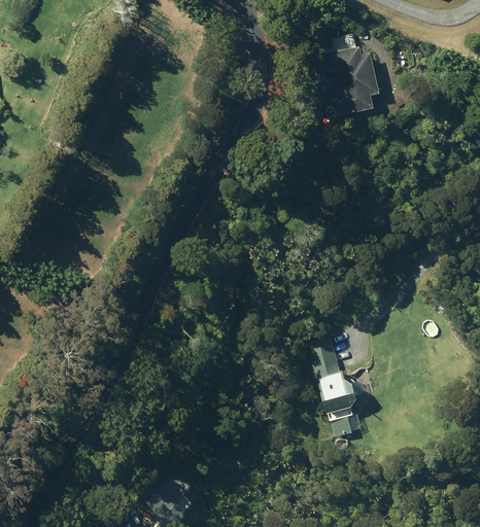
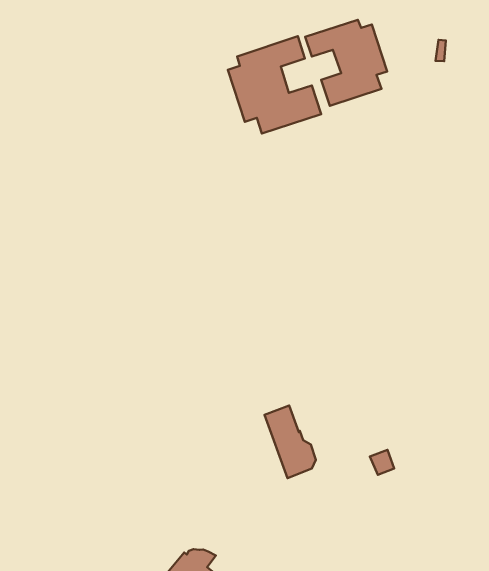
building: none -> [228,36,321,134]
building: [318,349,358,411] -> [265,405,316,478]

